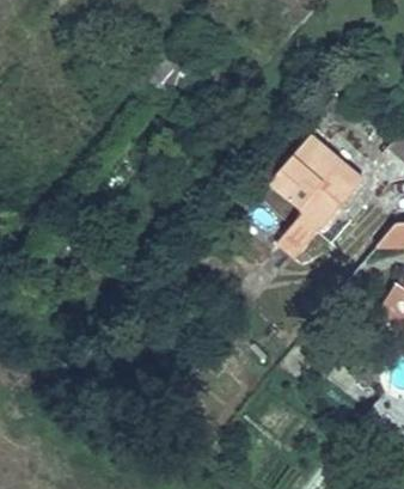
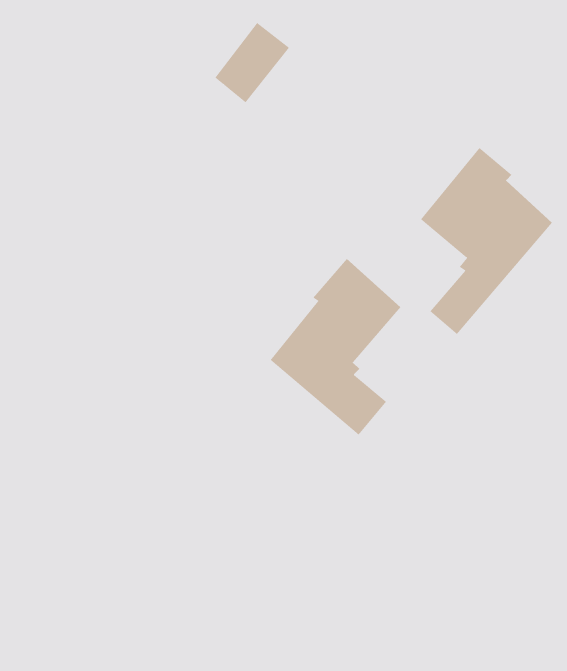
building: none -> [270,258,401,436]

